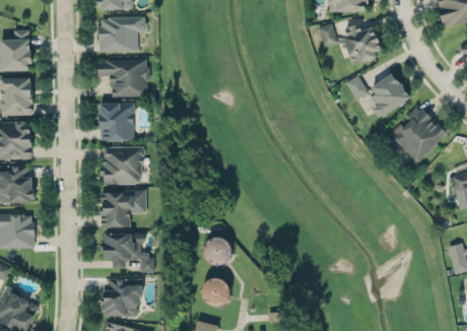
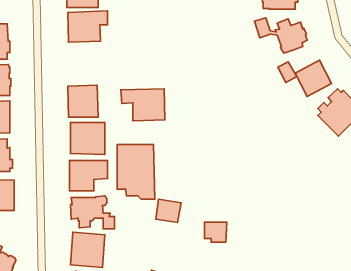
building: [96,59,148,96] -> [121,89,165,121]
building: none -> [117,144,155,199]
building: [202,279,228,303] -> [204,222,227,242]

